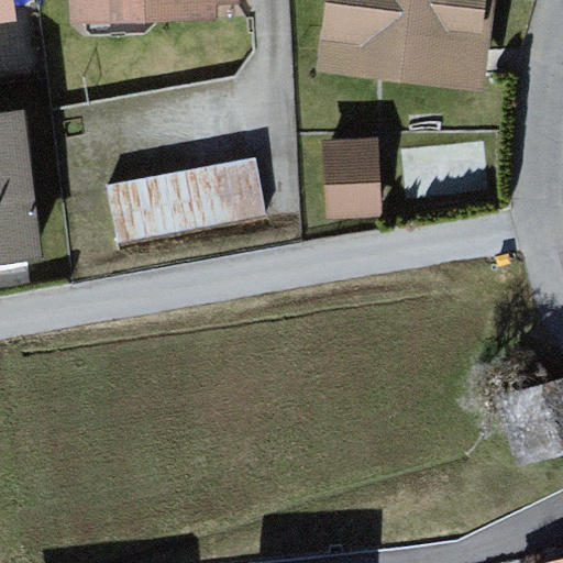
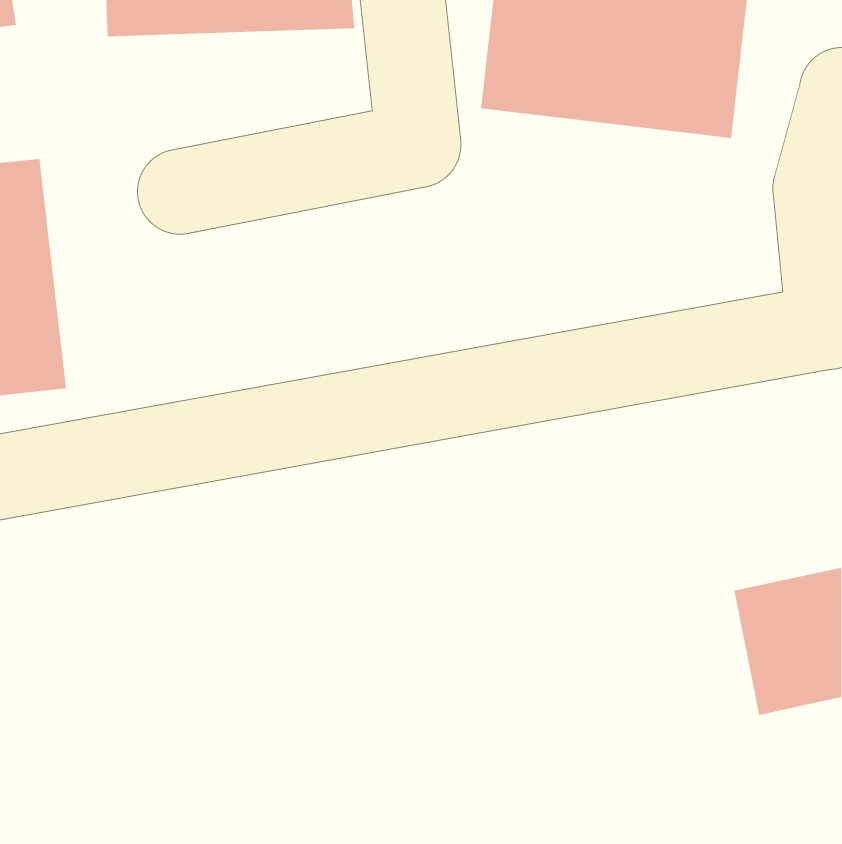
building: [321,135,385,220] -> none
building: [102,151,265,245] -> none

